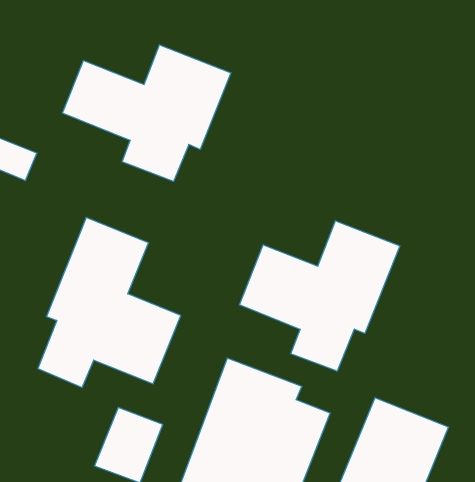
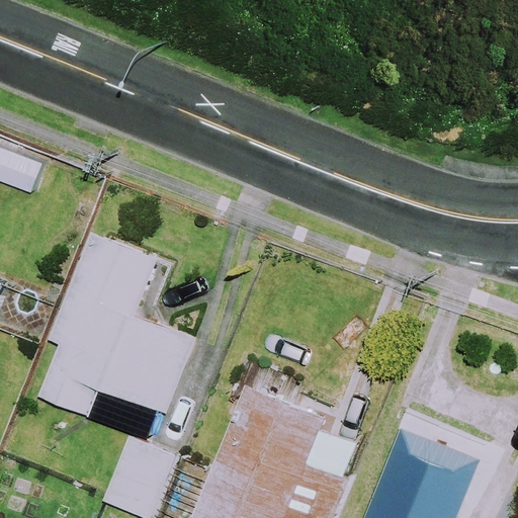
building: [63,45,231,181] -> none
building: [239,221,400,371] -> none

